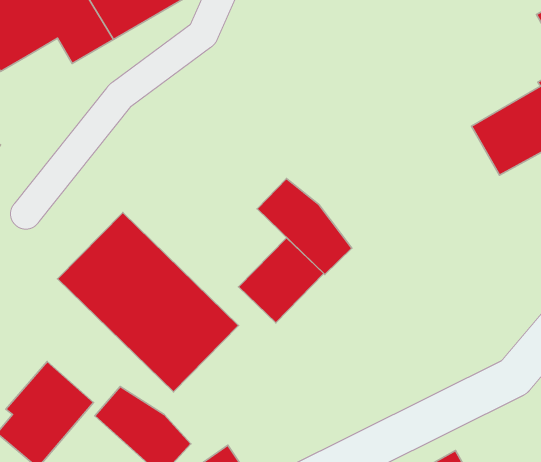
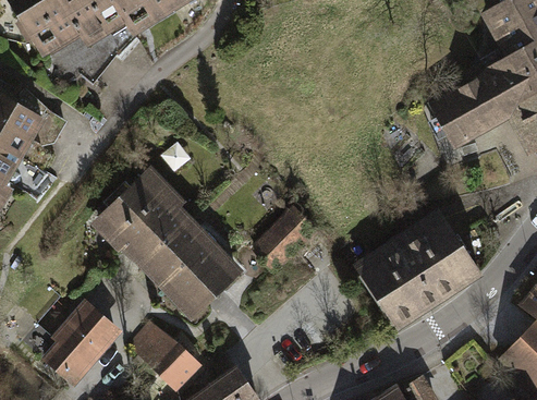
building: [257,178,352,275] -> none
building: none -> [356,214,475,325]

